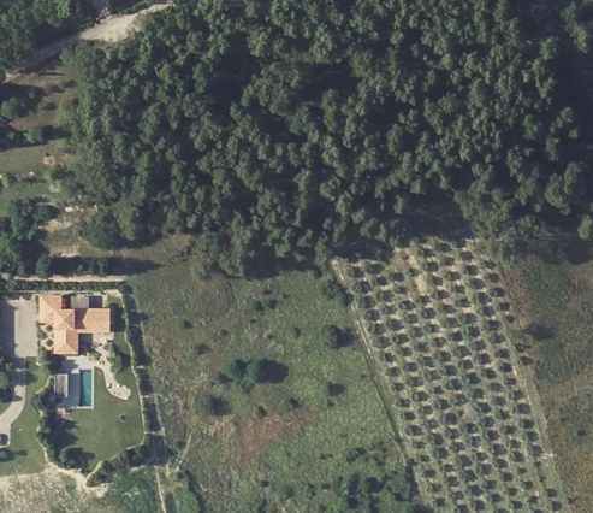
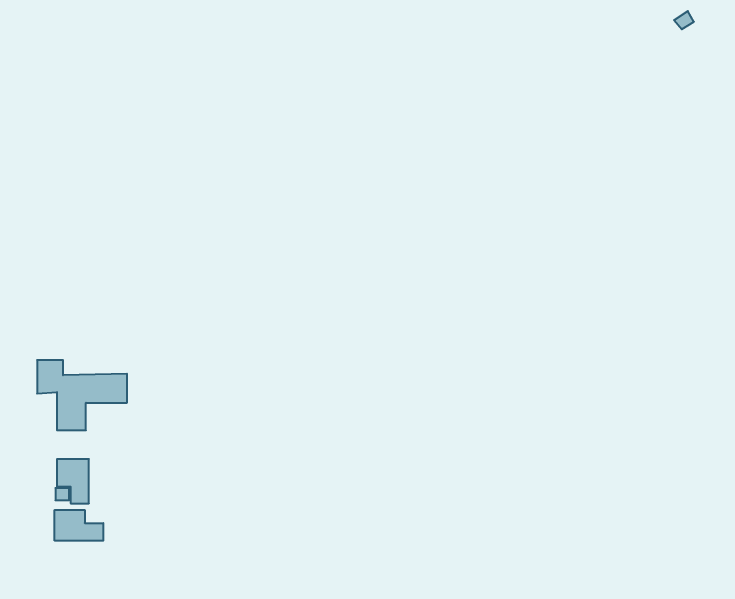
building: none -> [55,510,103,541]

